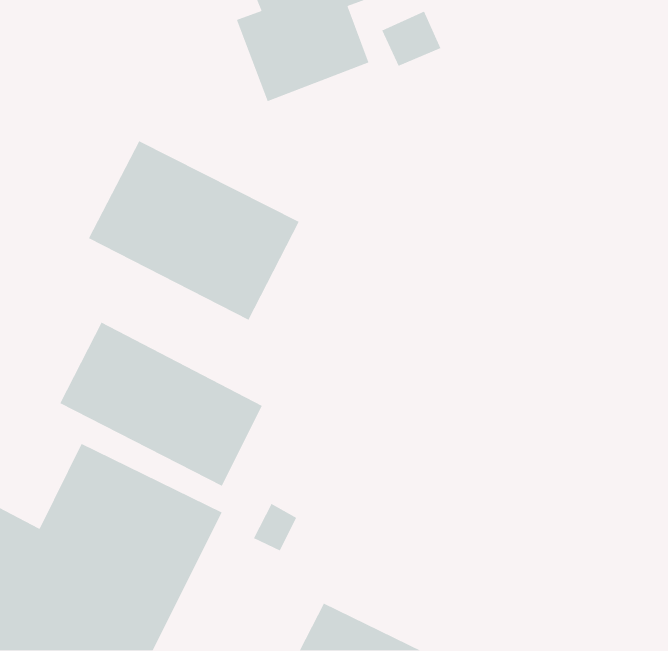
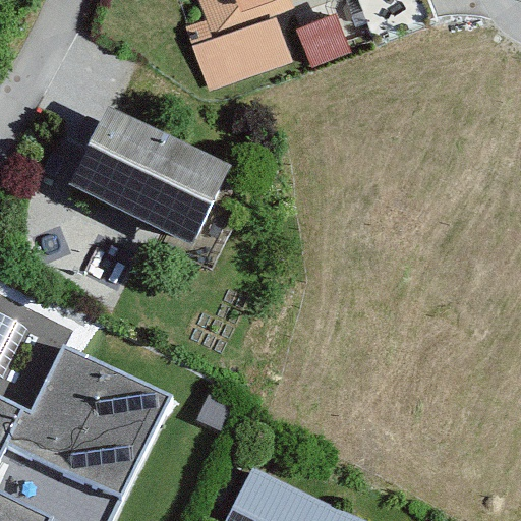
building: [59,322,263,487] -> none

